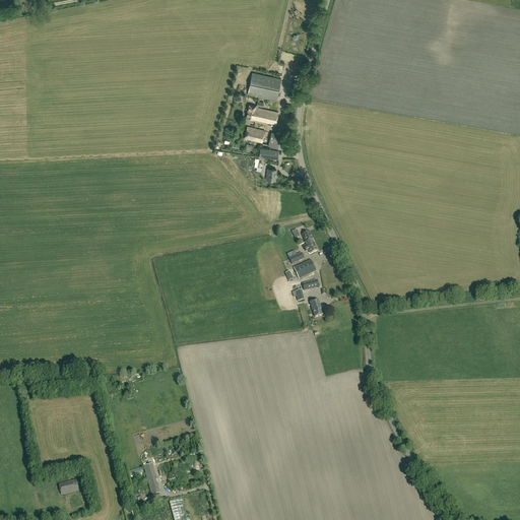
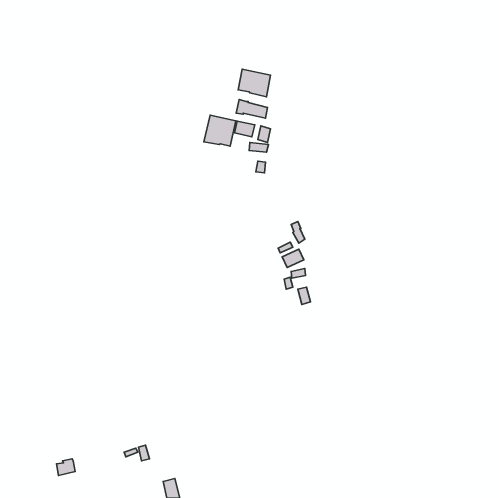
building: none -> [204,115,236,146]

